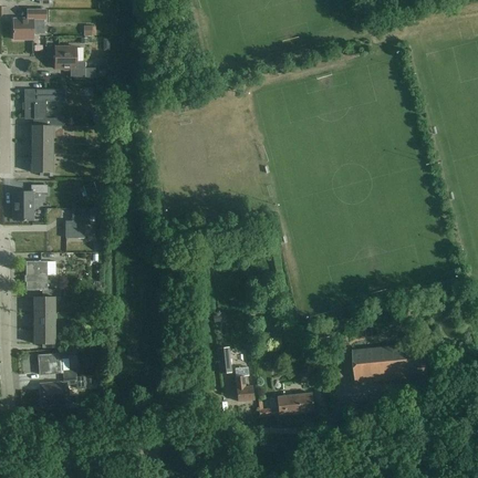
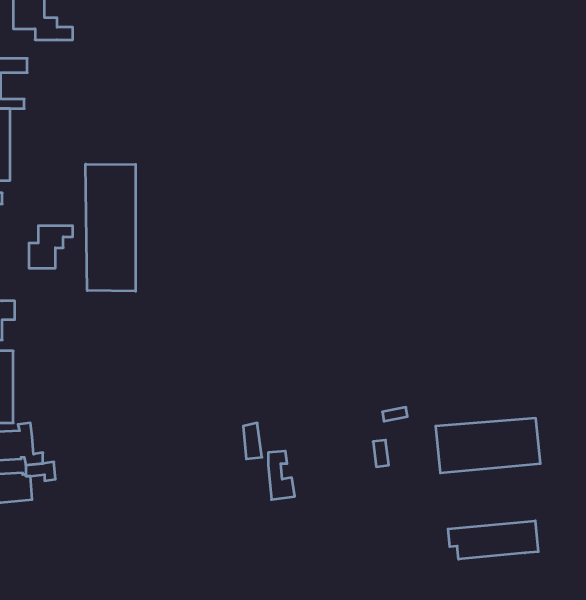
building: none -> [86,164,136,291]
building: [277,394,312,415] -> none
building: none -> [448,521,538,559]

